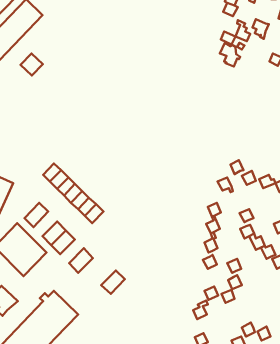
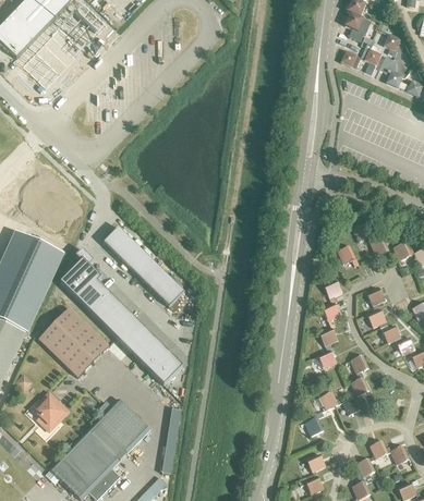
building: [220,43,240,67] -> [378,56,405,87]
building: [20,54,43,75] -> none
building: none -> [60,249,100,301]
building: none -> [90,292,122,325]
building: none -> [126,329,158,361]
building: [101,270,125,294] -> [150,354,182,386]

